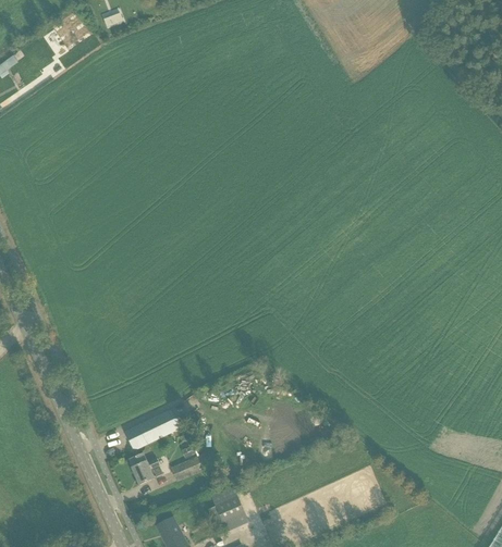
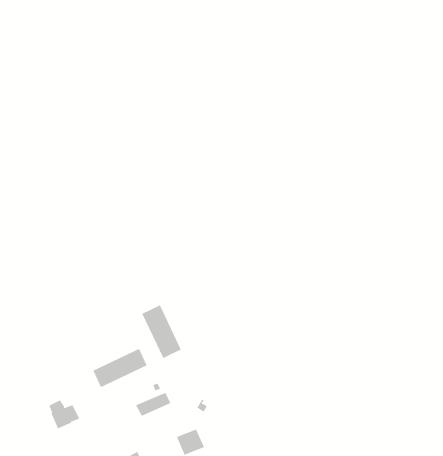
building: none -> [142,305,182,359]
building: [130,453,163,485] -> [48,399,80,429]

